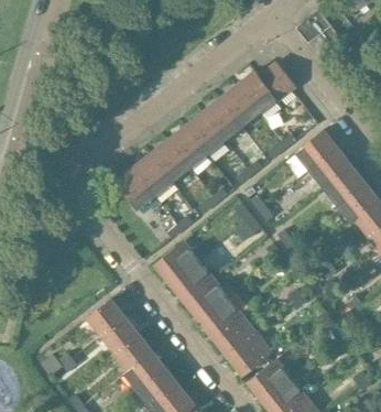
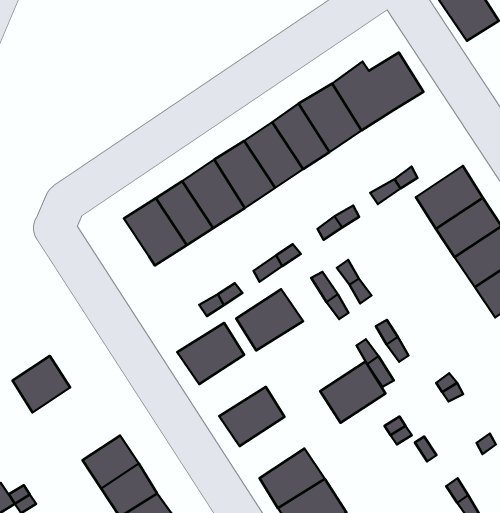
building: [171,260,213,300] -> [236,289,303,350]
building: [199,296,240,336] -> [320,362,386,423]
building: [88,299,124,335] -> [12,356,70,412]

